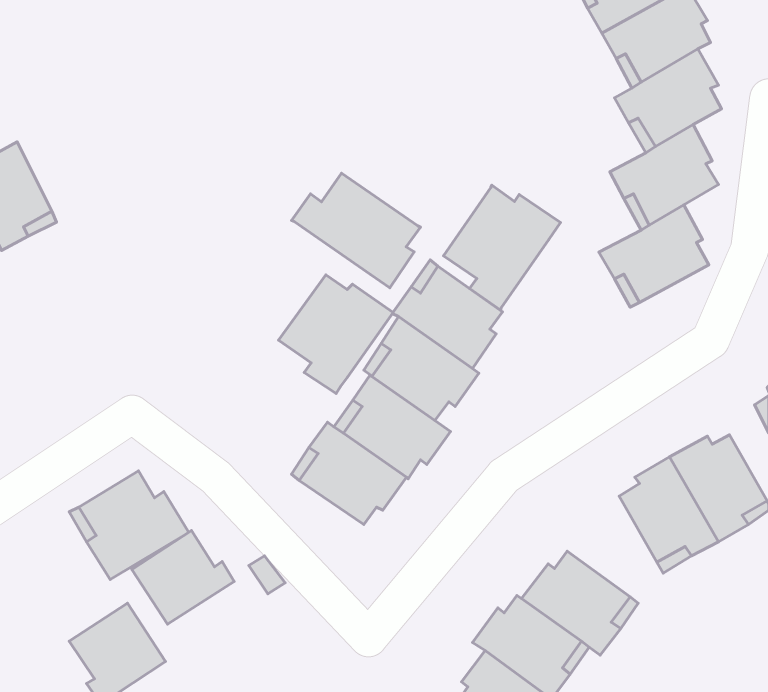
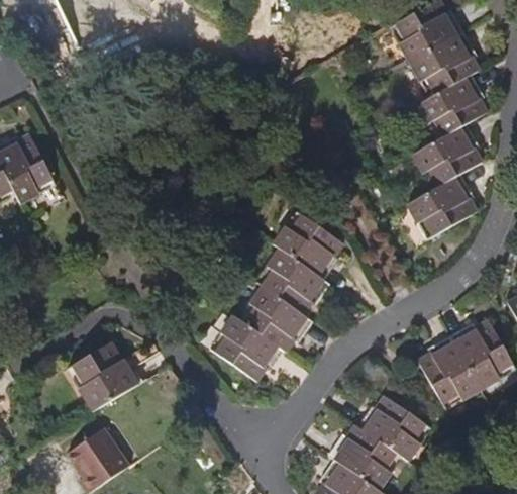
building: [292,173,420,288] -> none
building: [443,185,561,310] -> none
building: [278,275,393,393] -> none
building: [132,531,234,624] -> none

